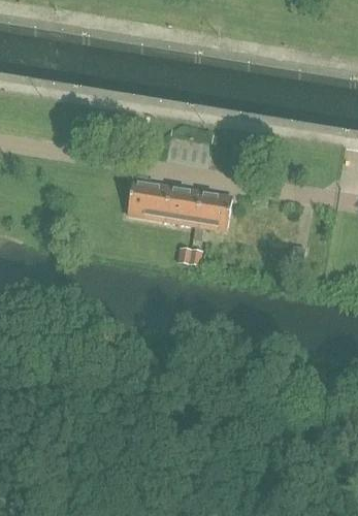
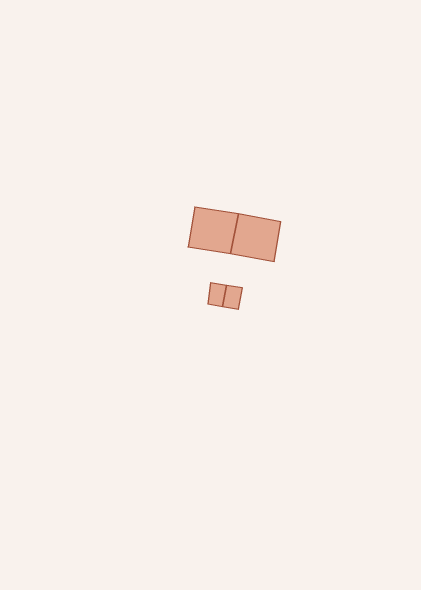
building: [127,178,165,215] -> none

